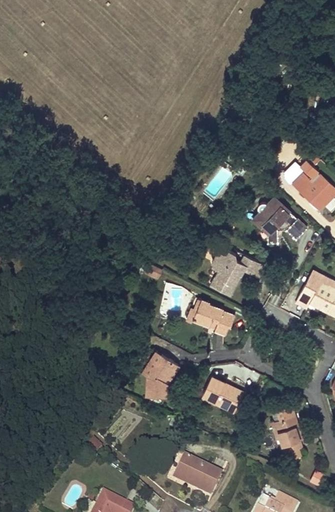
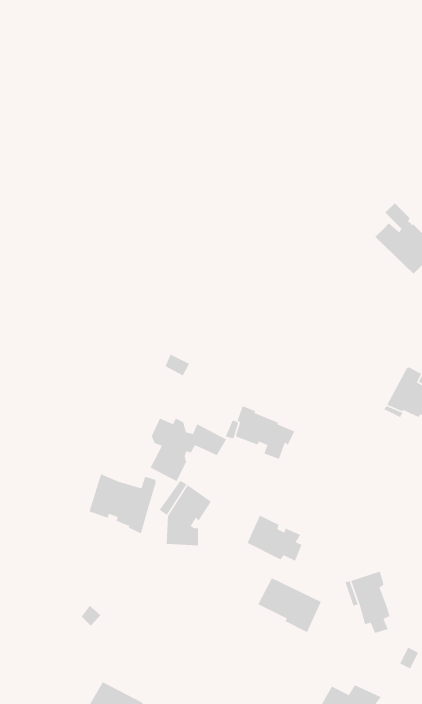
building: [254,197,308,243] -> none
building: [212,252,266,297] -> [149,418,227,482]
building: none -> [88,473,157,534]
building: [174,455,219,494] -> [257,577,322,633]

